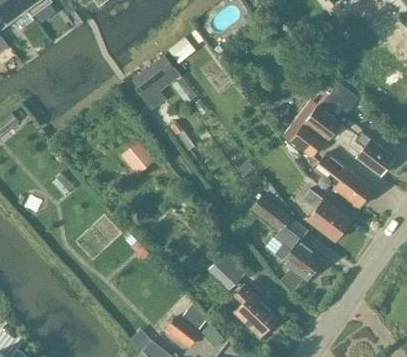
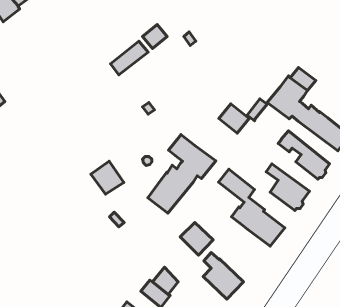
building: [291,124,324,156] -> [219,104,249,133]
building: [123,138,159,174] -> [91,161,124,194]
building: none -> [148,134,216,213]

